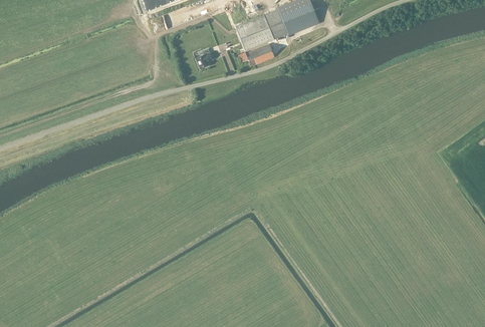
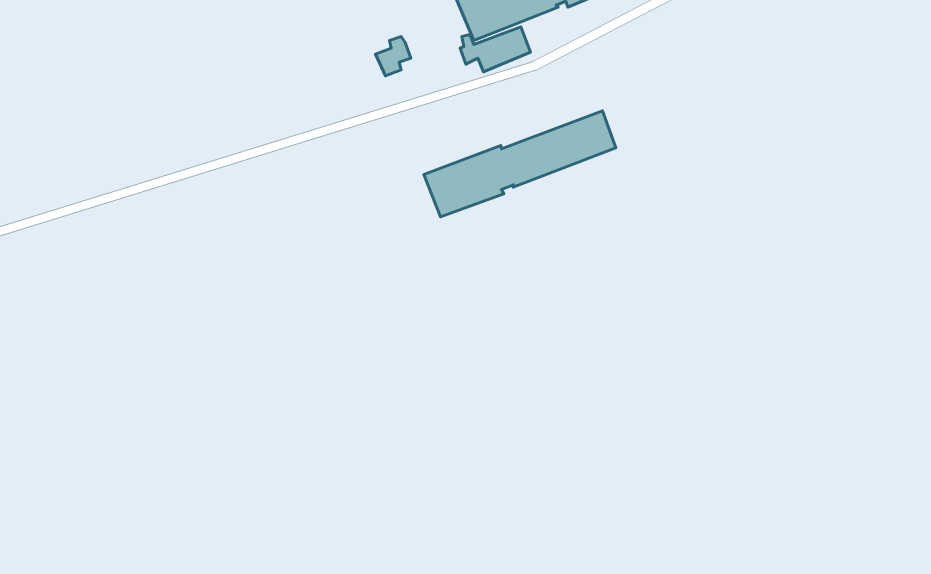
building: none -> [424,111,616,217]

